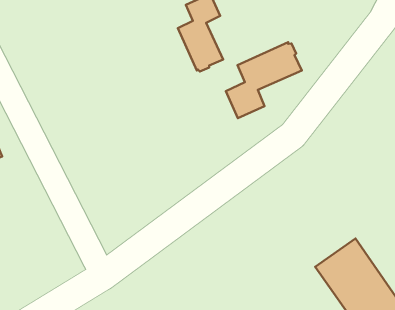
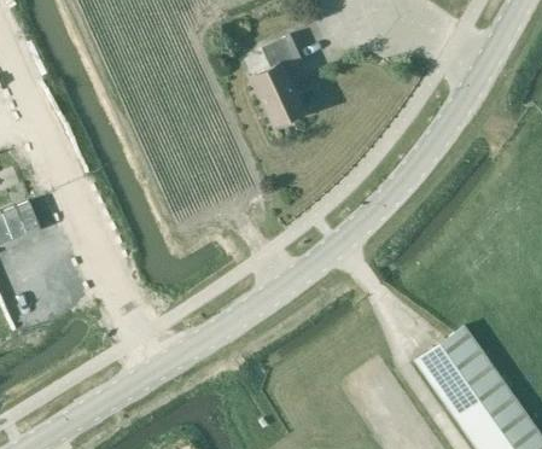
building: [226,42,302,118] -> none

